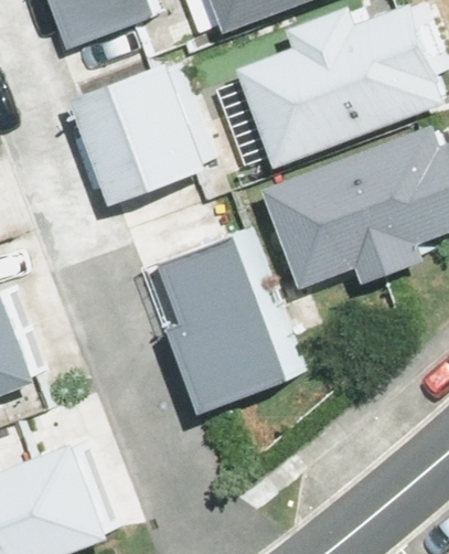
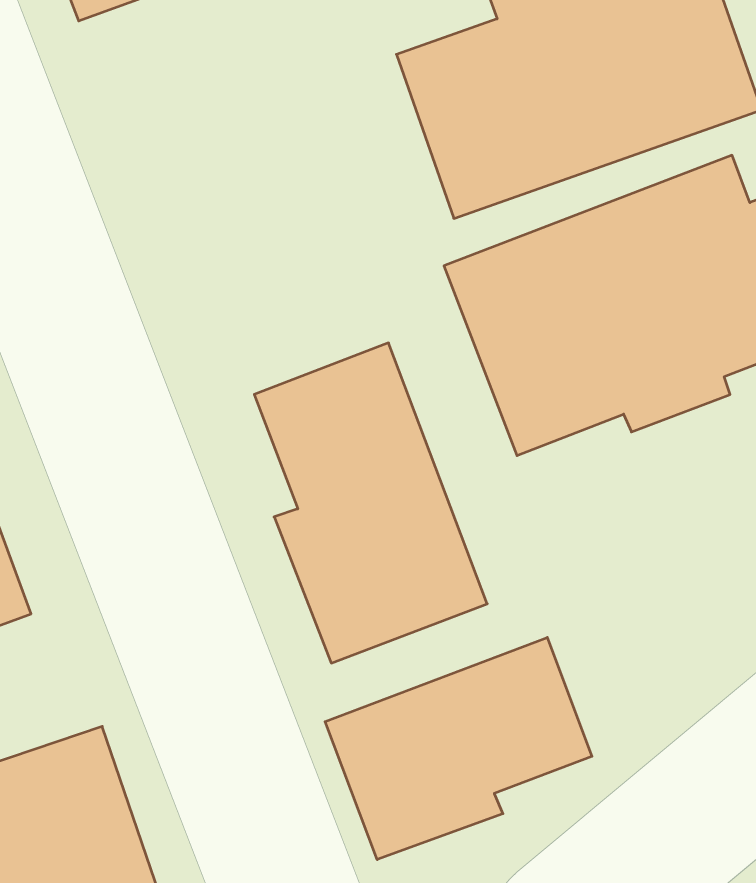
building: [75,64,209,205] -> none
building: none -> [325,637,592,860]

